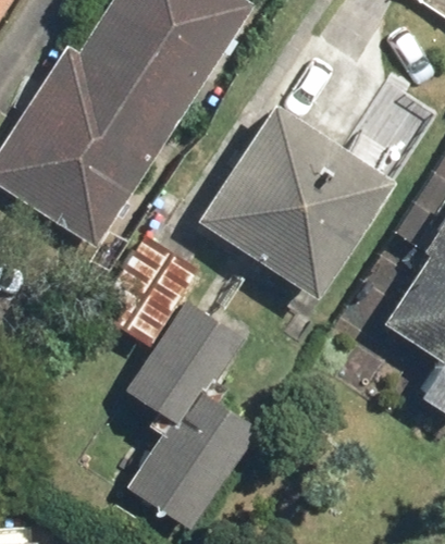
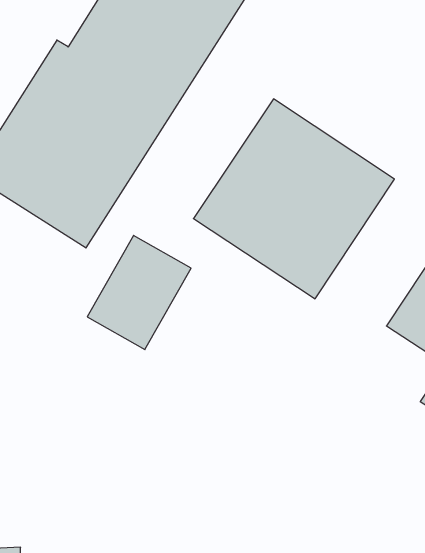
building: [127,301,256,529] -> none

